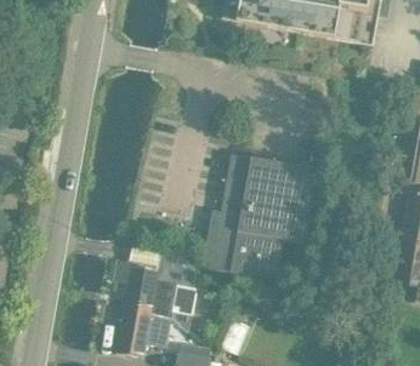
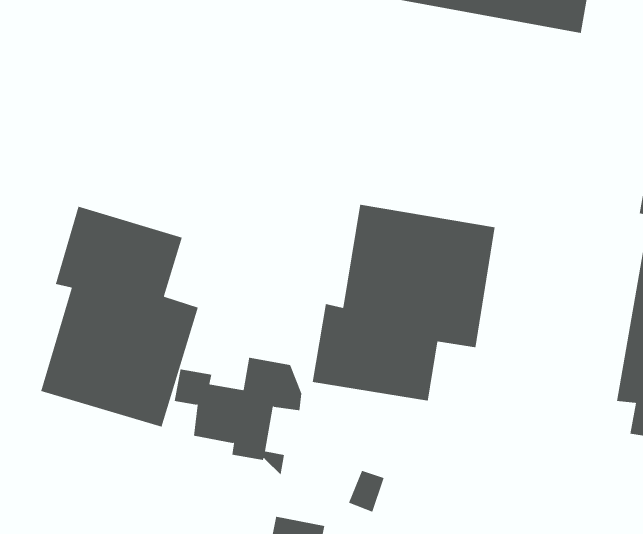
building: none -> [40,206,198,427]
building: [118,299,172,355] -> none

